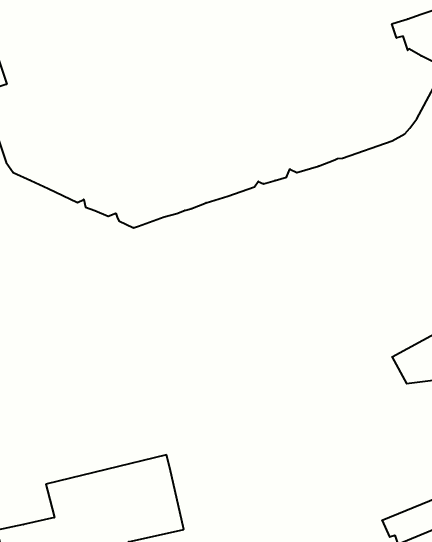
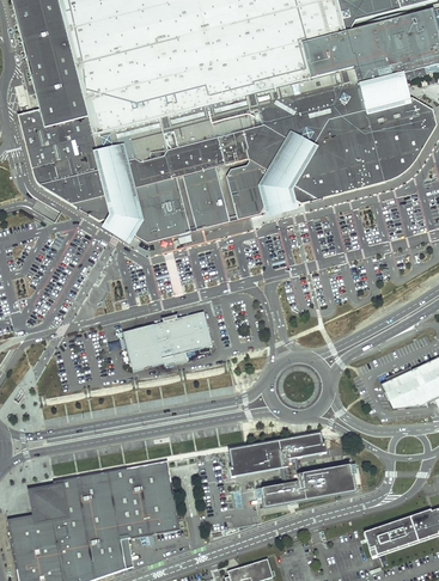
building: none -> [123,311,212,371]
building: none -> [228,433,354,506]
building: none -> [29,485,61,515]

